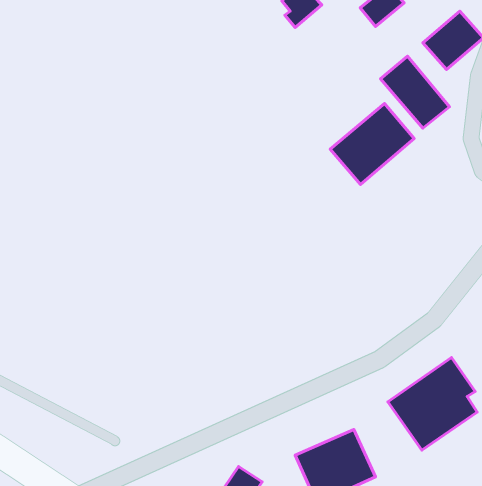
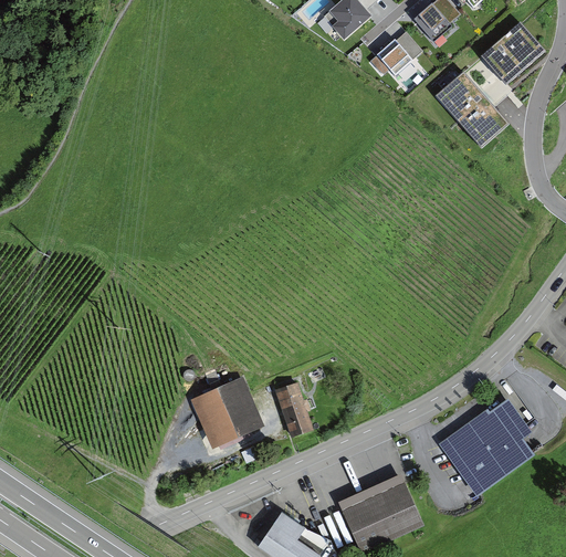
building: none -> [366,32,420,77]
building: [330,103,414,185] -> none
building: none -> [191,377,263,448]
building: none -> [273,383,308,437]

